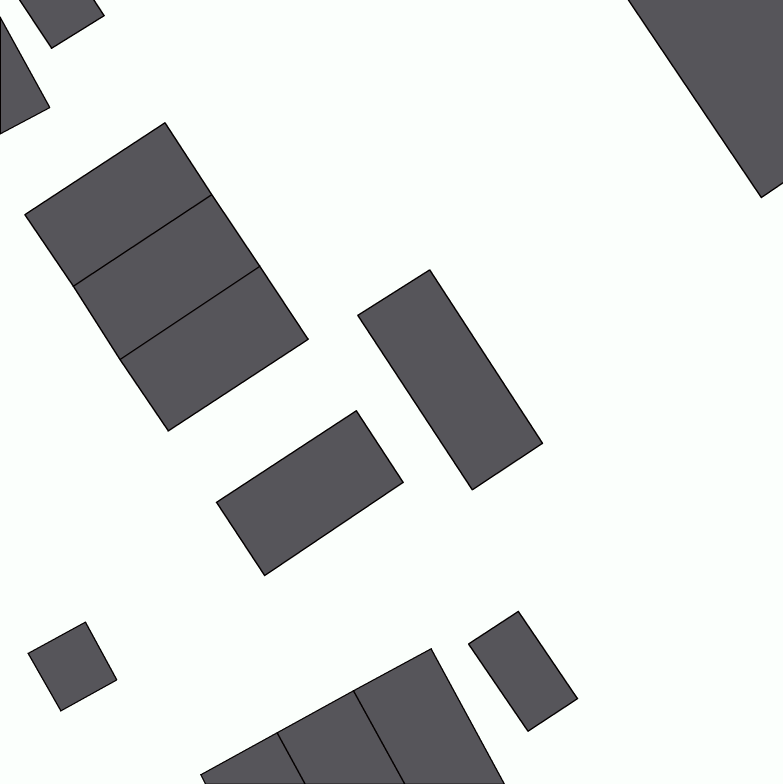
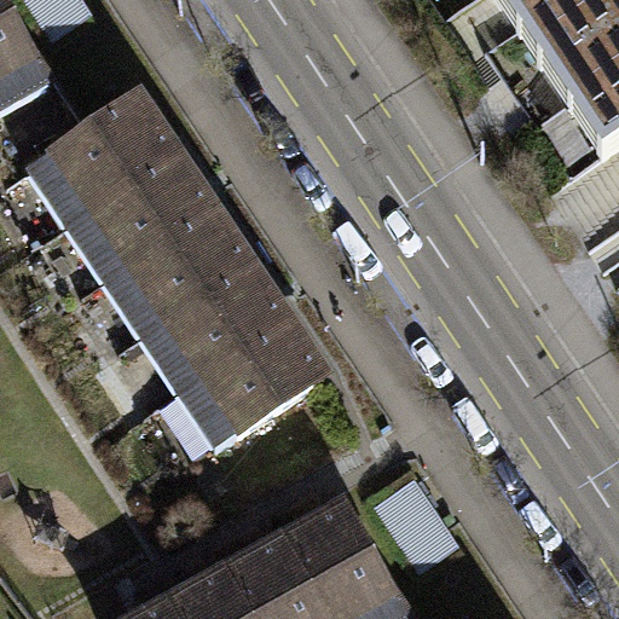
building: [358,270,542,490] -> none
building: none -> [140,264,287,391]

